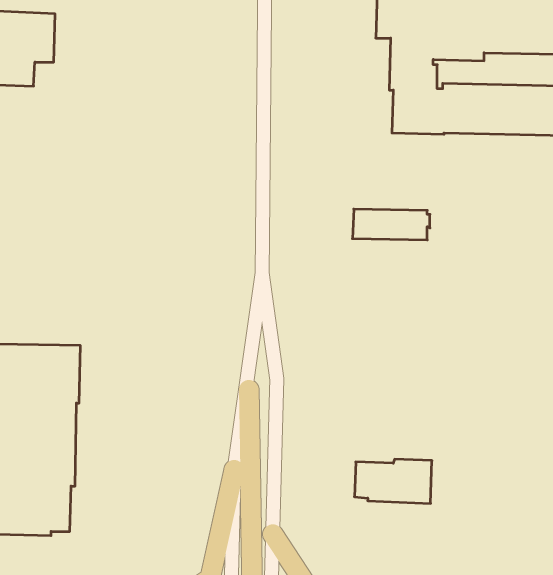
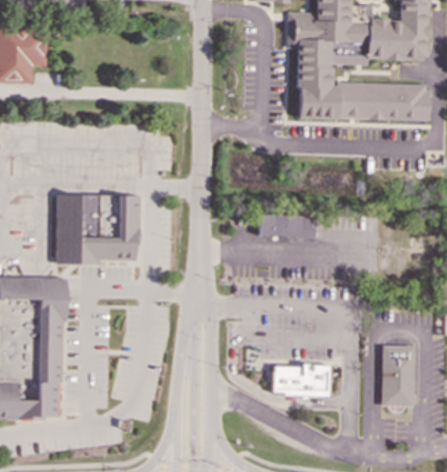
building: [352,209,430,240] -> [258,214,316,237]
building: none -> [55,194,139,265]
building: none -> [380,345,414,406]

